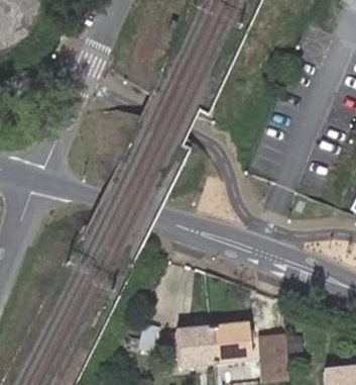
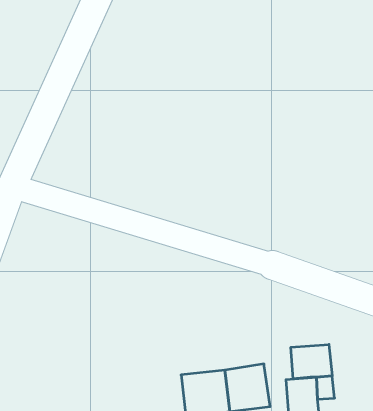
building: none -> [291,344,332,379]

